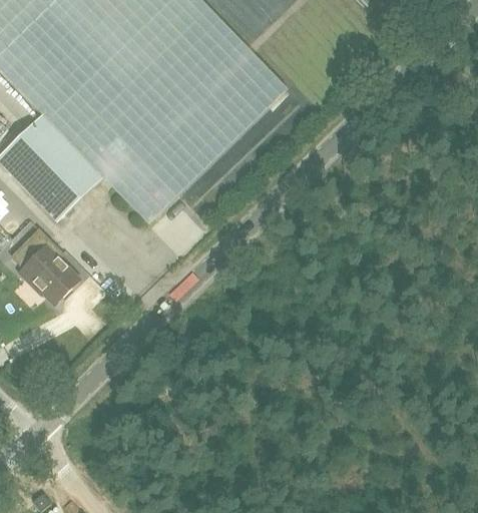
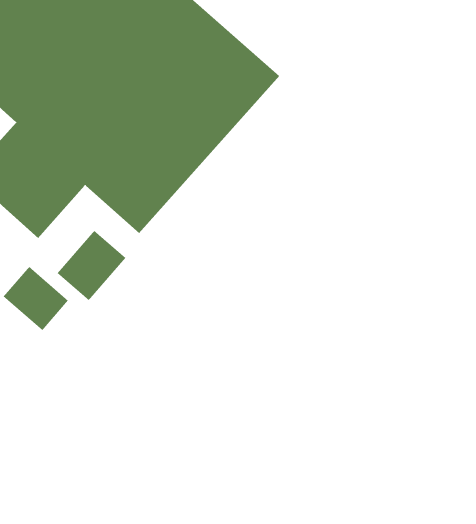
building: none -> [57,230,126,301]

